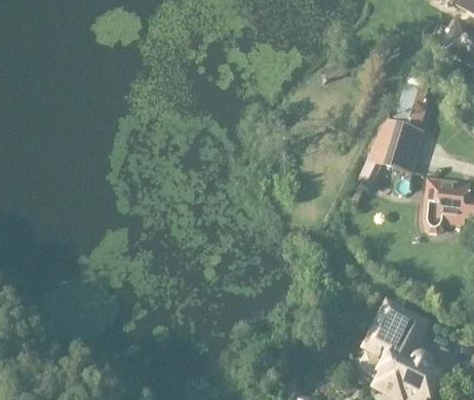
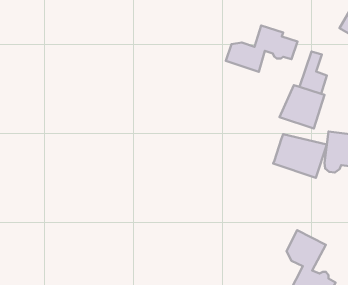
building: none -> [226,25,297,72]
building: none -> [273,134,327,178]

